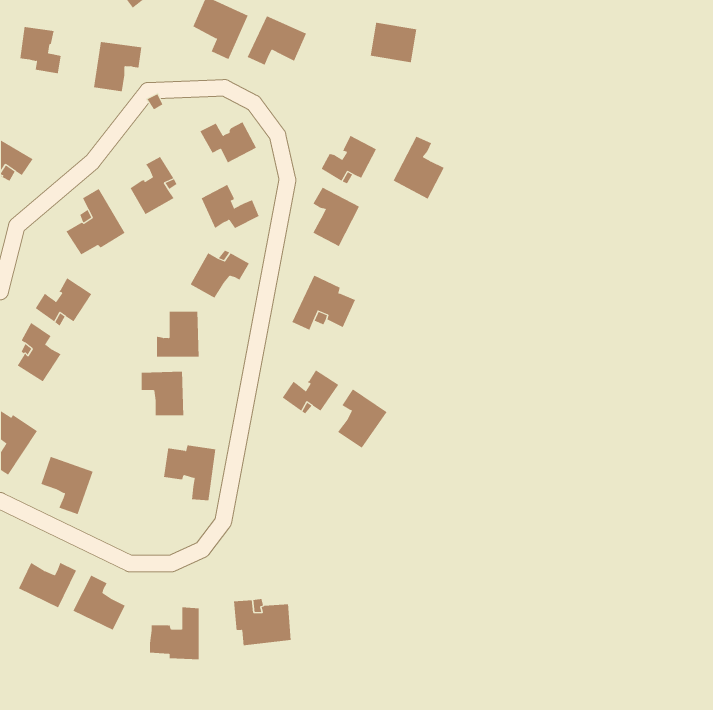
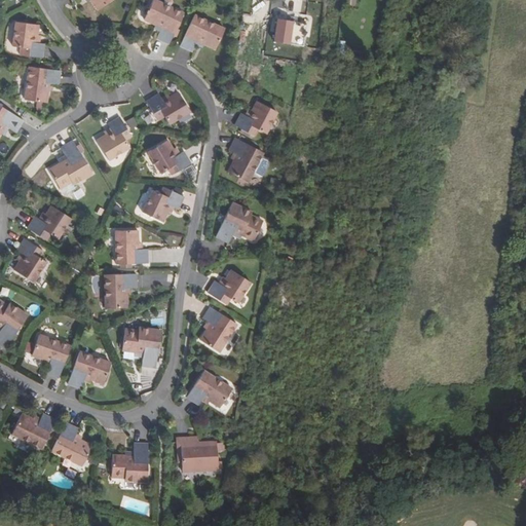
building: [93,42,142,92] -> [26,63,62,100]
building: [393,136,444,199] -> none
building: [337,388,387,448] -> [199,307,236,351]
building: none -> [66,353,108,390]
building: none -> [188,373,233,409]

